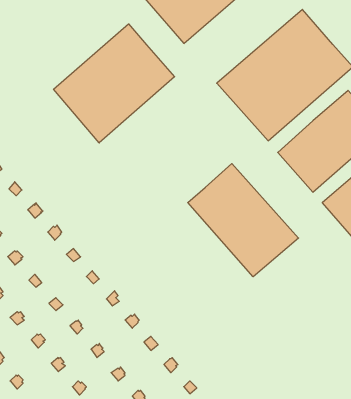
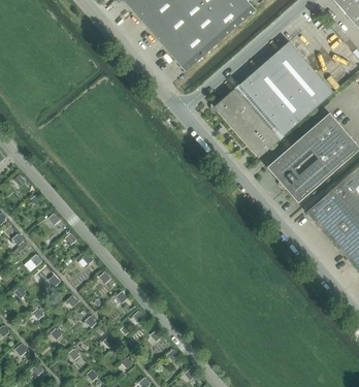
building: [54,24,175,143] -> none
building: [188,164,299,277] -> none

